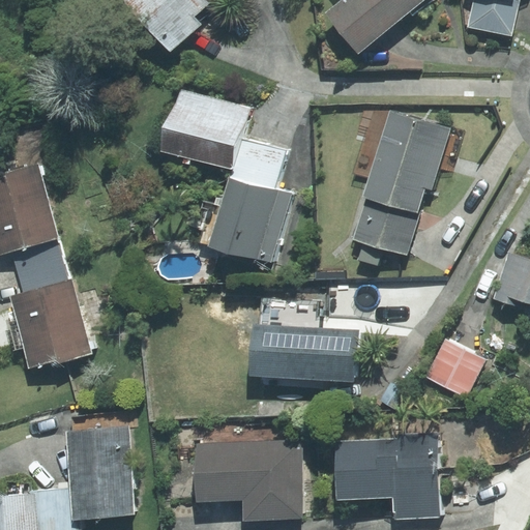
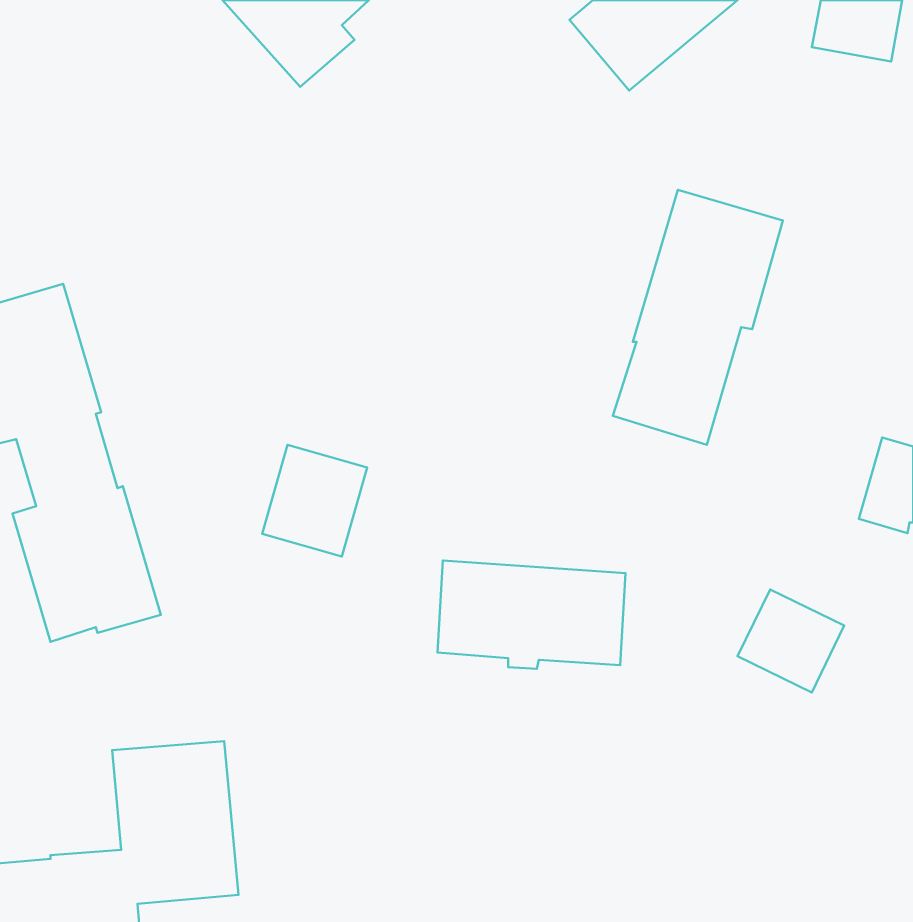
building: [161,88,290,262] -> none
building: none -> [262,445,367,557]
building: [336,433,438,519] -> none
building: [196,439,302,520] -> none

